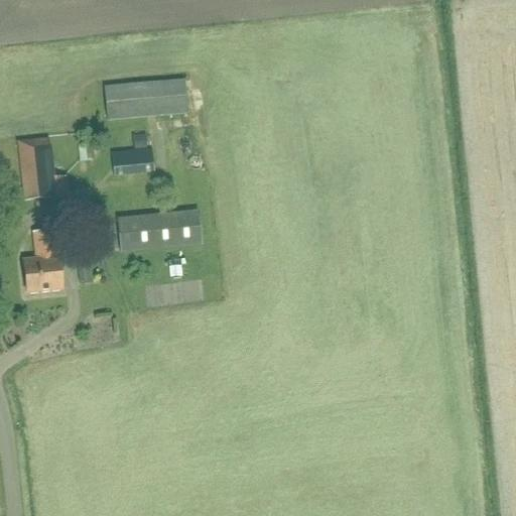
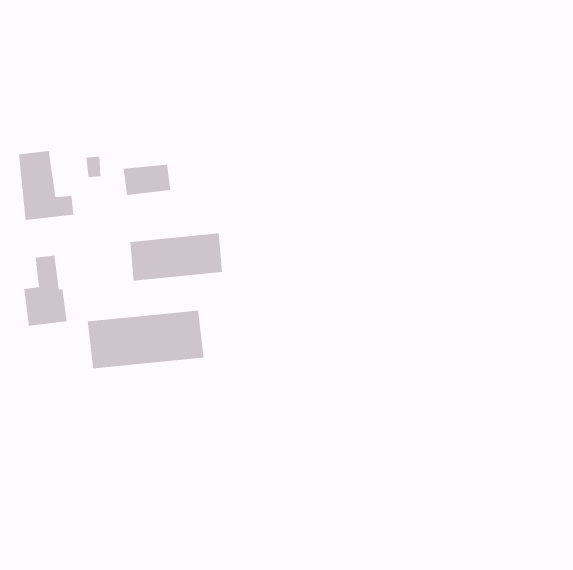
building: [105,78,187,118] -> none
building: none -> [87,310,204,369]

